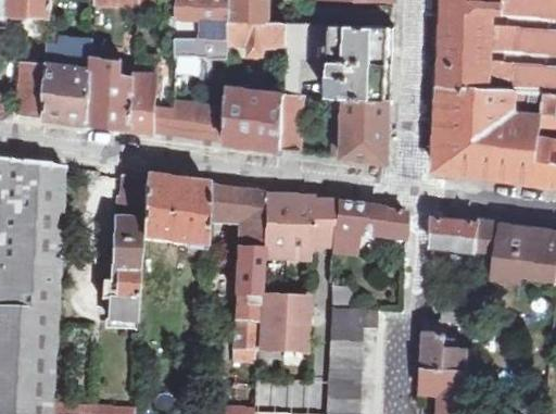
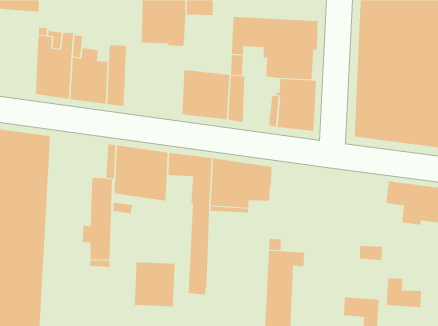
building: [229,18,288,54] -> none
building: [20,61,47,116] -> none
building: [154,108,226,139] -> none
building: [333,205,406,249] -> none
building: [432,216,479,261] -> none
building: [256,298,307,353] -> [134,262,175,307]
building: [425,331,469,368] -> [386,278,422,308]

